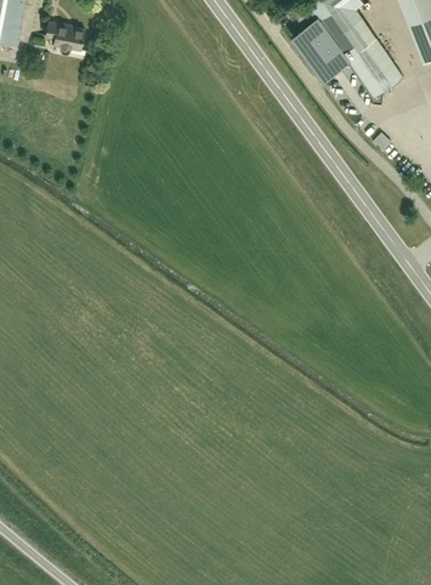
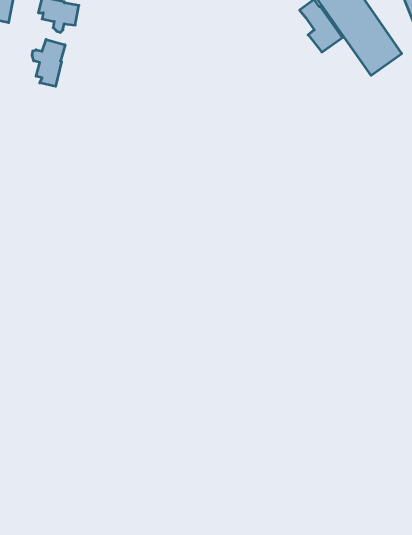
building: none -> [32,39,65,86]

